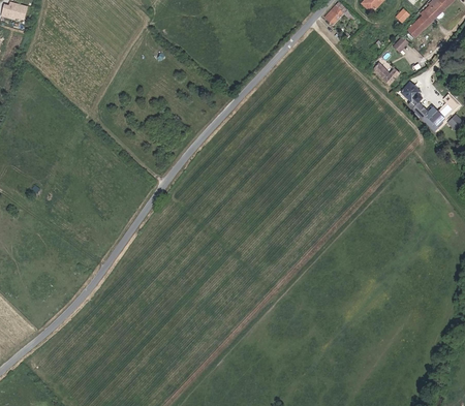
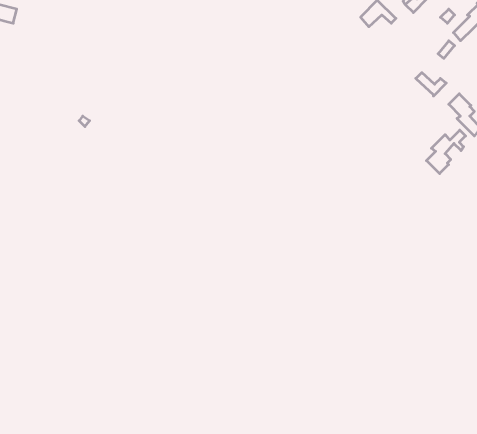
building: none -> [426,130,466,174]

